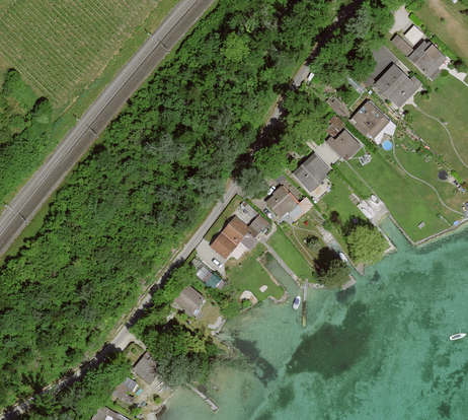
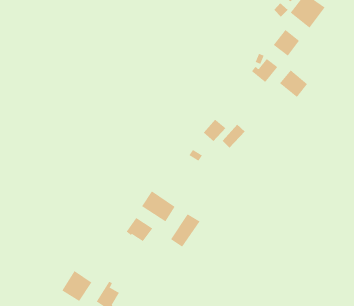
building: none -> [279,70,308,98]
building: [295,159,324,189] -> none
building: [213,221,247,257] -> [170,214,200,247]
building: none -> [61,270,92,302]

